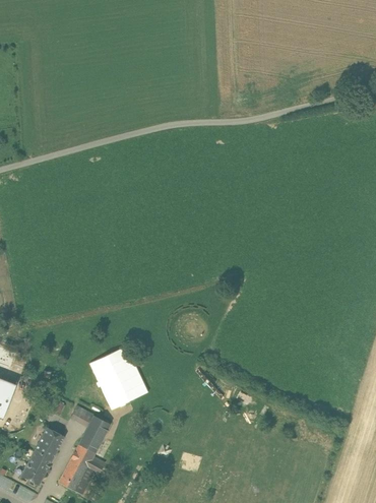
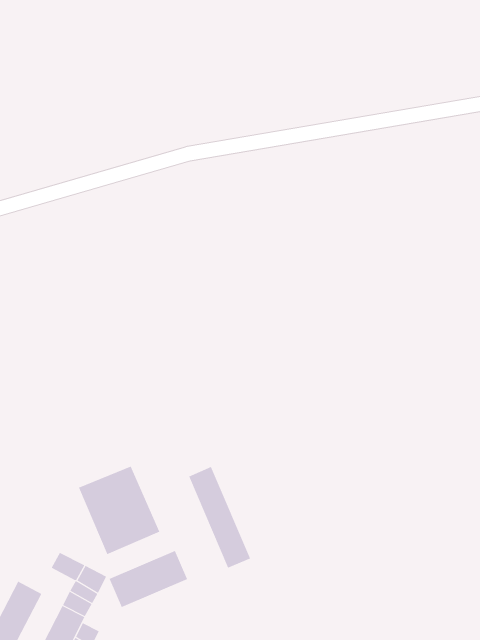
building: none -> [189,466,251,569]
building: none -> [109,550,188,608]

